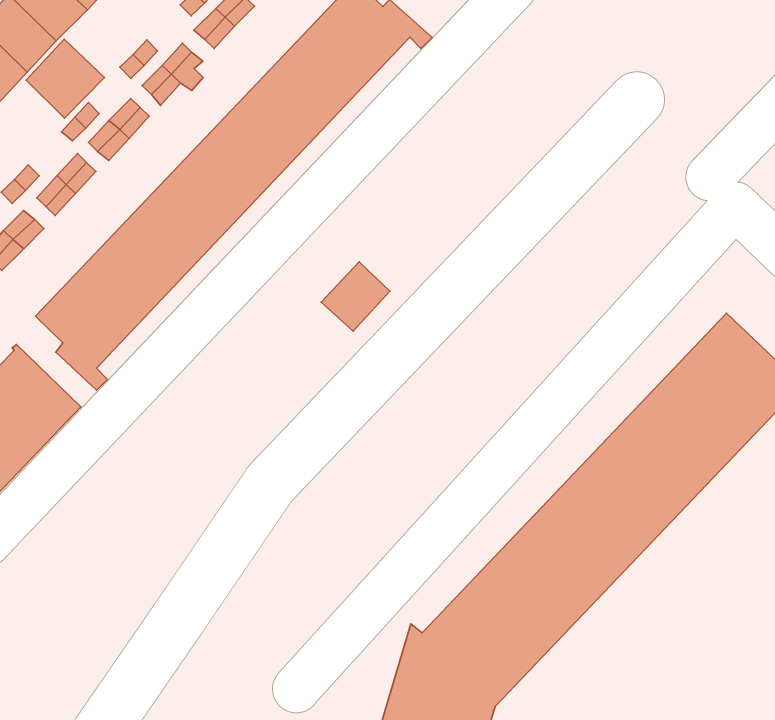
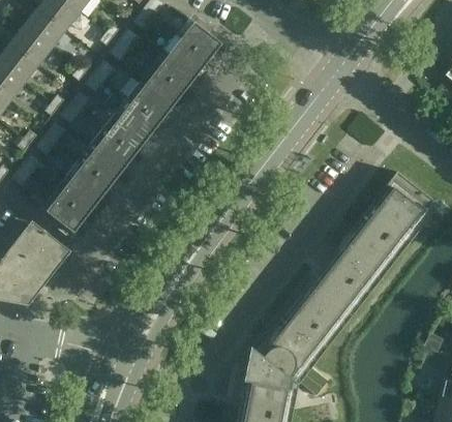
building: [26,39,105,118] -> none
building: [321,262,390,331] -> none

